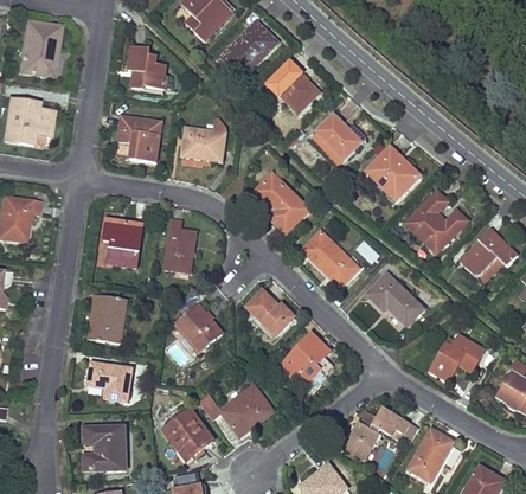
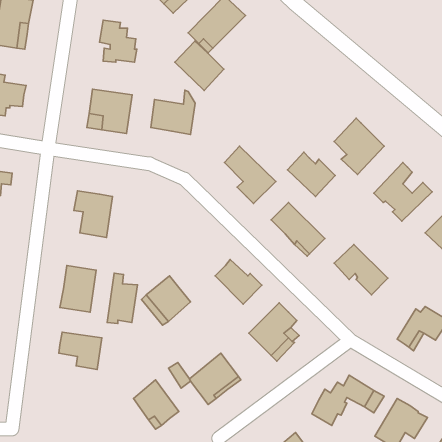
building: [269,62,319,111] -> [175,41,224,90]
building: [316,113,365,158] -> [287,152,335,197]
building: [165,218,195,269] -> [107,273,138,324]
building: [83,426,124,467] -> none

